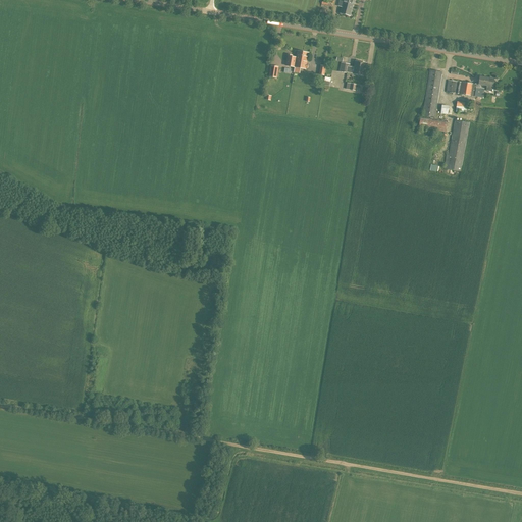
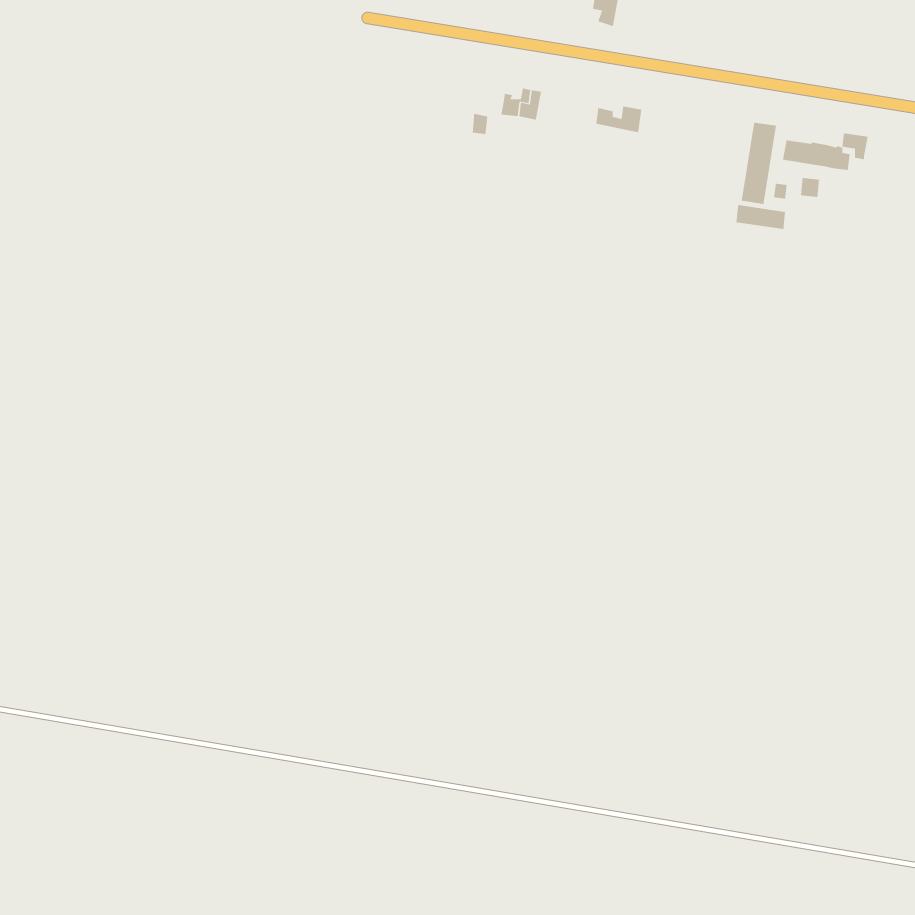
building: [442,119,469,171] -> none

